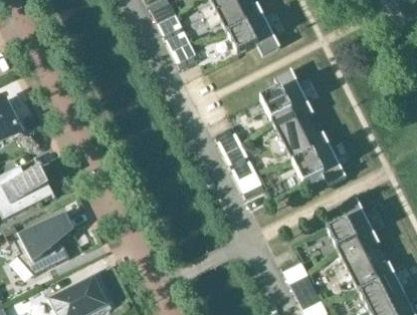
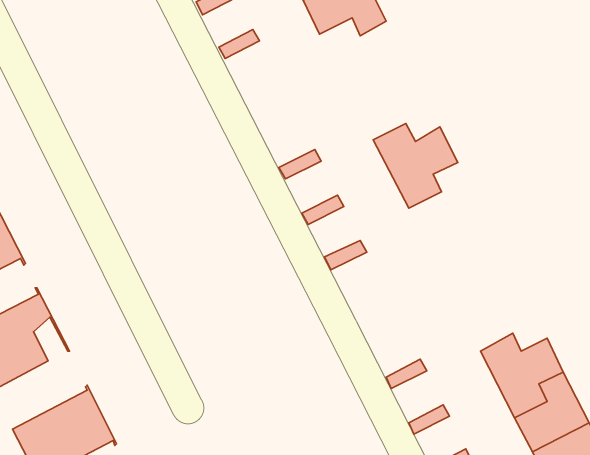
building: [261,68,312,119] -> none
building: [293,132,346,184] -> none
building: [327,198,379,249] -> none

